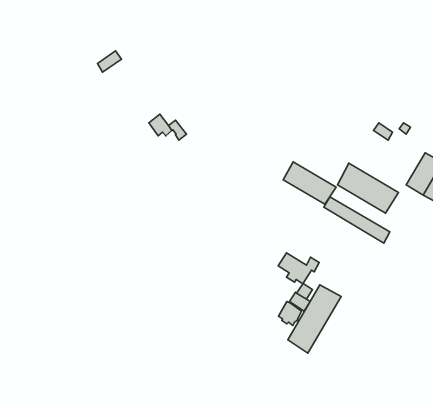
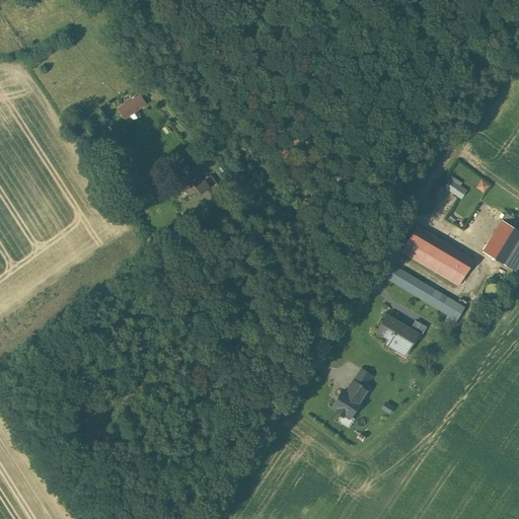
building: [283,162,336,204] -> none
building: [278,253,319,284] -> [377,315,426,352]
building: [288,285,341,353] -> none

